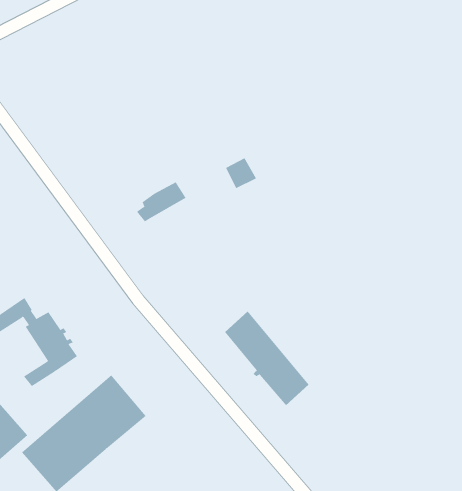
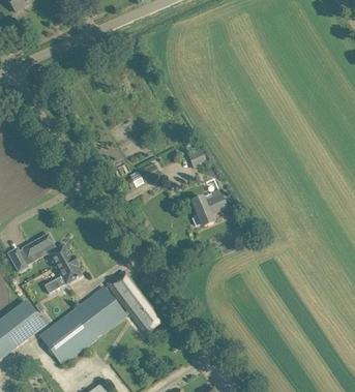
building: none -> [191,189,226,225]
building: [224,311,309,406] -> [108,269,162,334]

